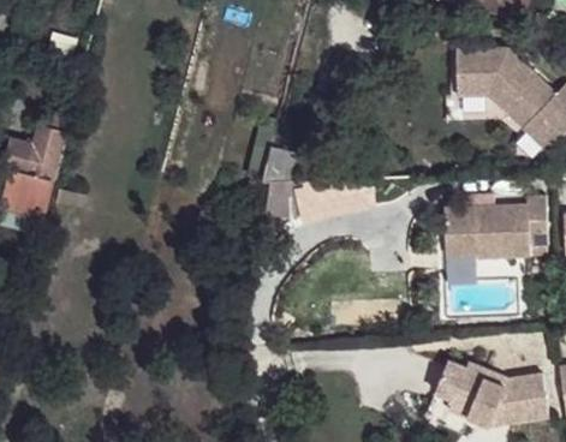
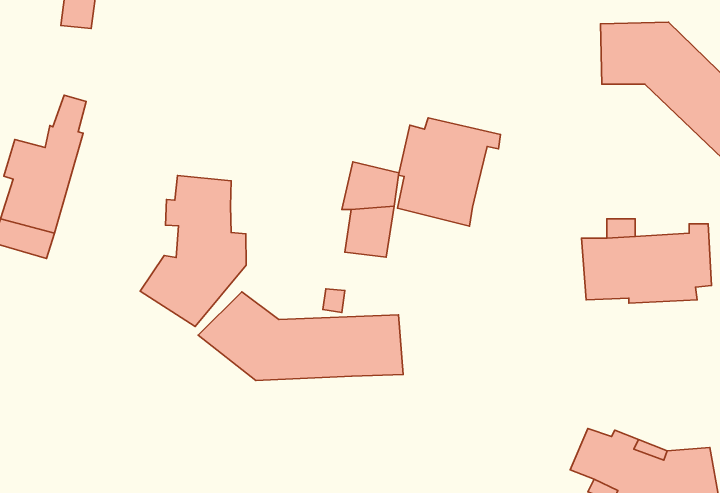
building: none -> [397,118,500,226]
building: none -> [140,175,246,326]
building: none -> [198,292,403,380]

